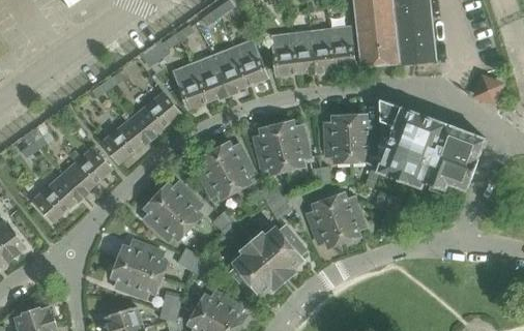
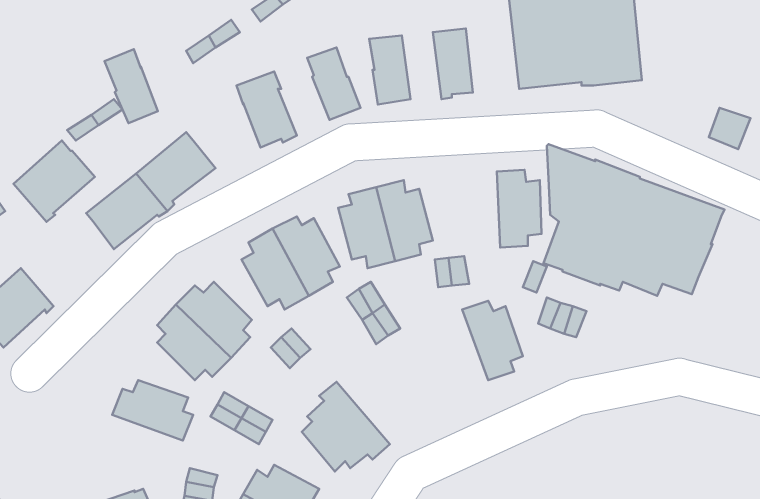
building: [329,27,353,68] -> none
building: [291,32,315,72] -> none
building: [214,48,248,94] -> none
building: [174,64,206,109] -> [104,49,158,123]
building: [324,116,350,162] -> none
building: [62,148,111,197] -> [14,141,95,222]
building: [307,199,343,247] -> none
building: [252,227,304,279] -> none
building: [111,262,159,298] -> none

